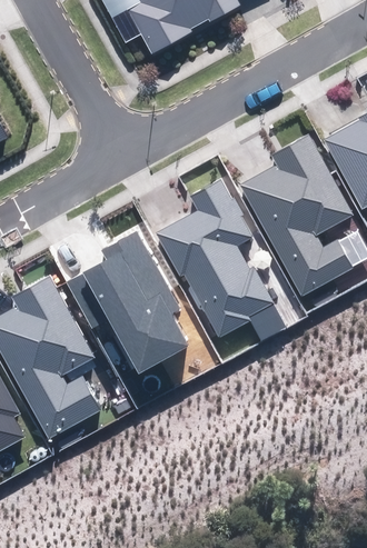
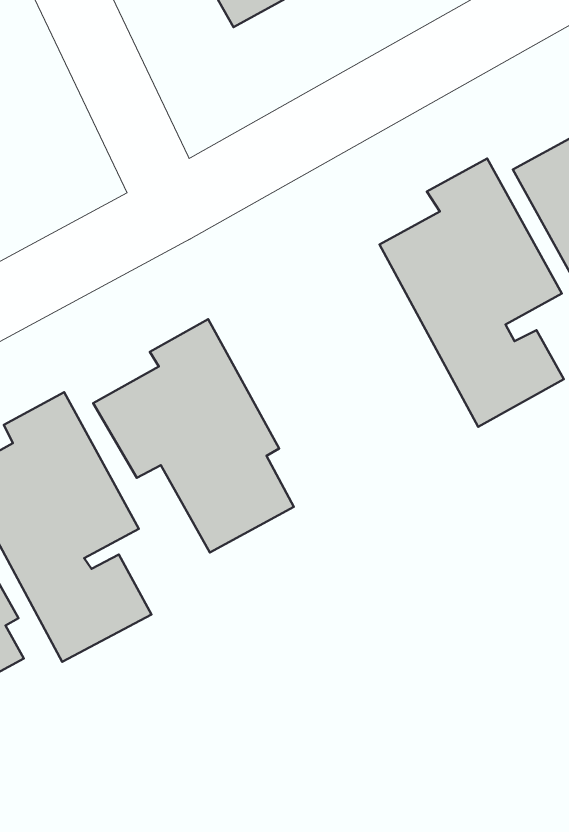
building: [156,180,275,339] -> none

